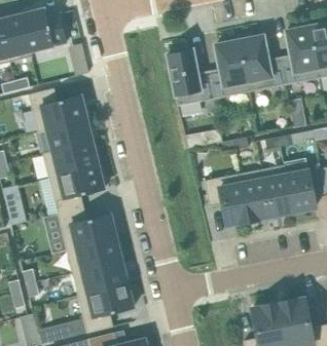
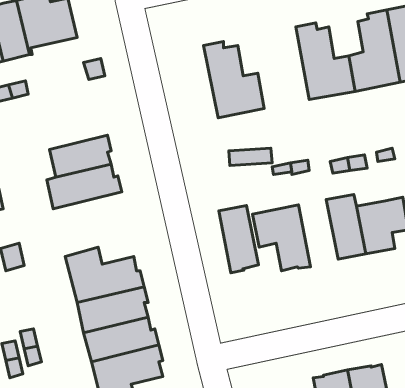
building: [208,34,248,98] -> none
building: [28,86,90,131] -> none
building: [48,162,105,213] -> none
building: [240,168,270,221] -> [219,206,258,273]

